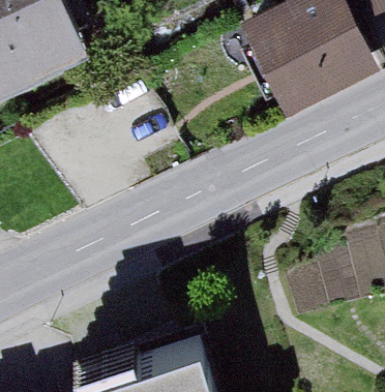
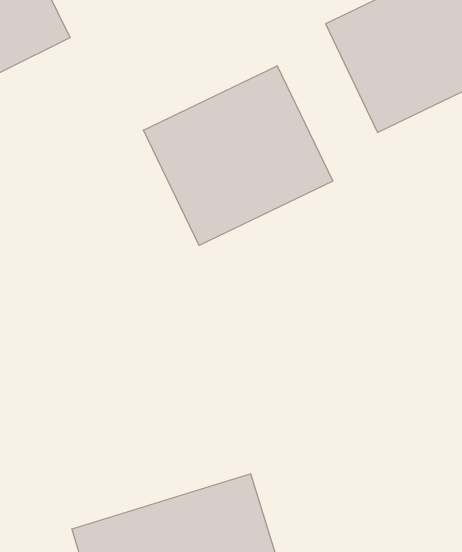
building: none -> [143,66,333,245]

